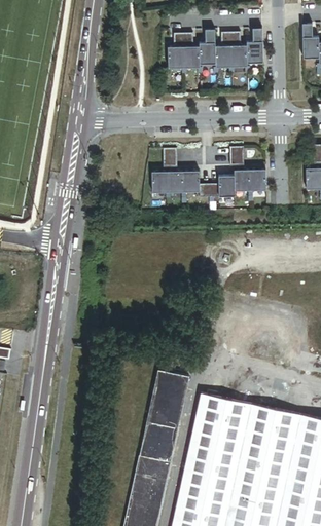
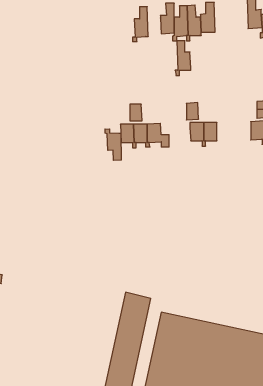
building: [181,33,200,74] -> [175,41,191,76]
building: [209,176,235,203] -> none
building: none -> [105,129,121,160]

